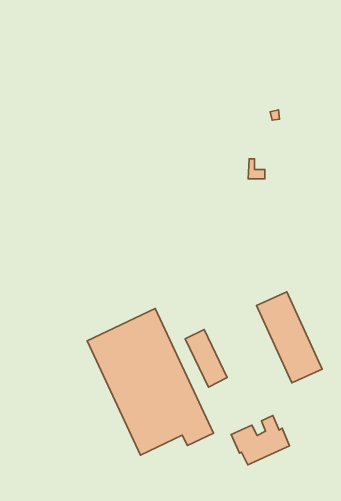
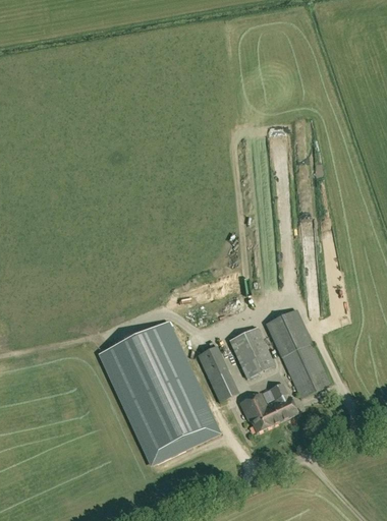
building: none -> [228,325,274,375]
building: [231,416,290,465] -> [239,382,296,429]

